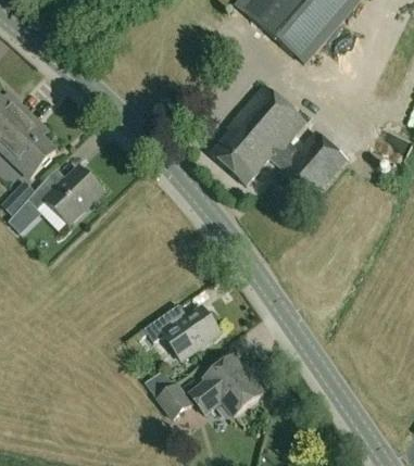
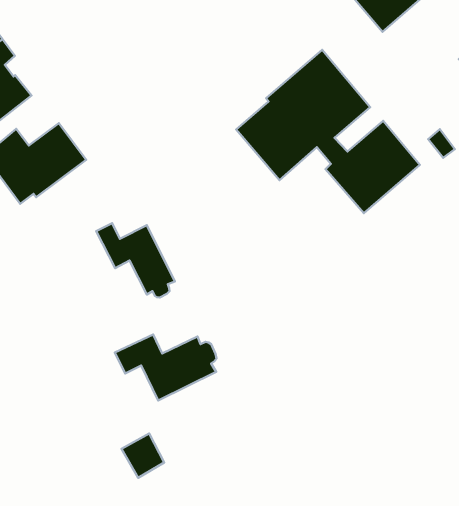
building: none -> [96,223,175,298]
building: [190,355,263,415] -> none

